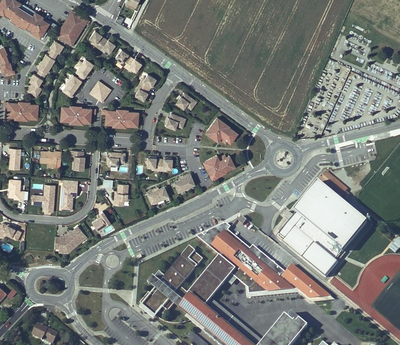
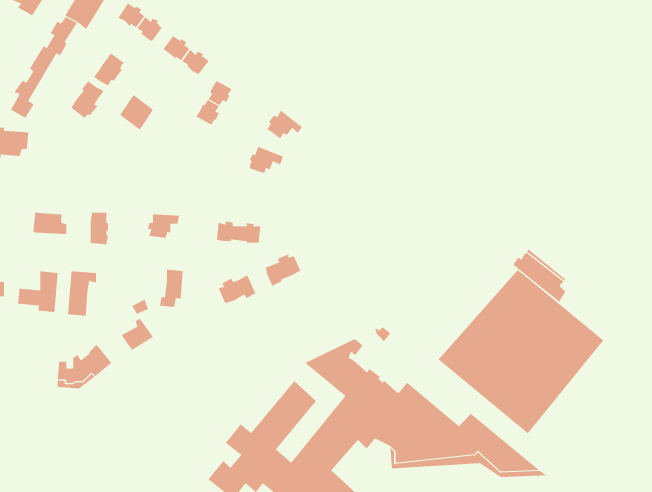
building: [61,105,91,123] -> none
building: [105,108,138,126] -> none
building: [207,119,235,143] -> none
building: [204,154,233,177] -> none

